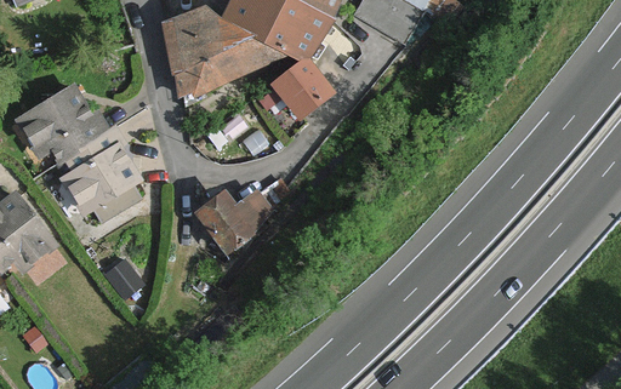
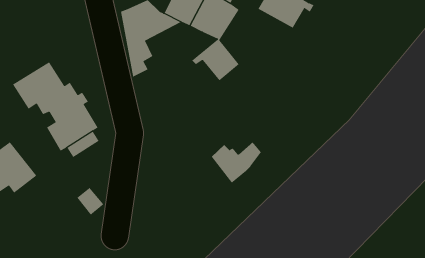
building: [201,34,278,80] -> none
building: [198,193,267,250] -> [211,142,262,184]

